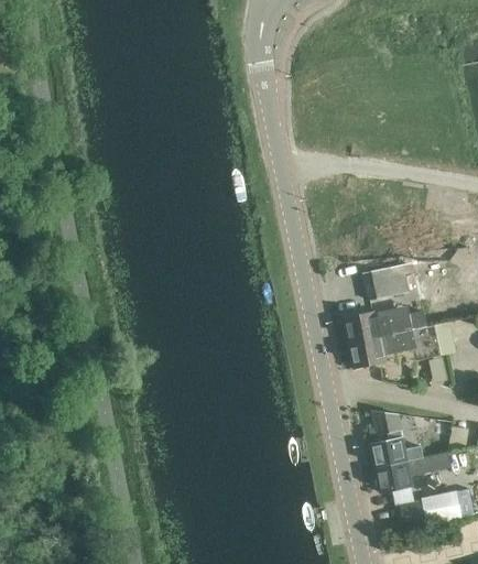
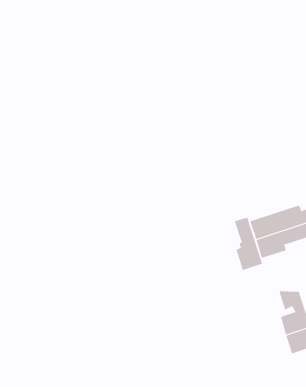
building: [365,263,411,300] -> none
building: none -> [234,217,263,271]

